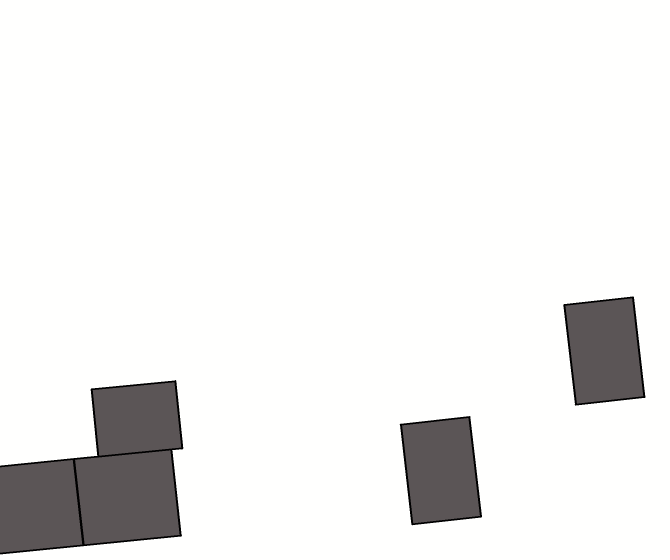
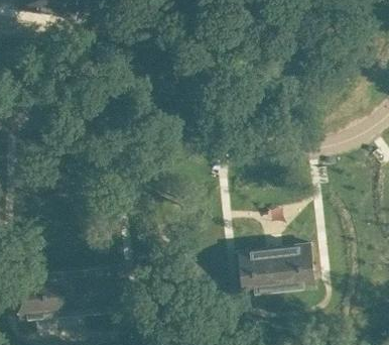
building: [564,297,645,405] -> [273,243,315,300]
building: [92,381,182,457] -> none

